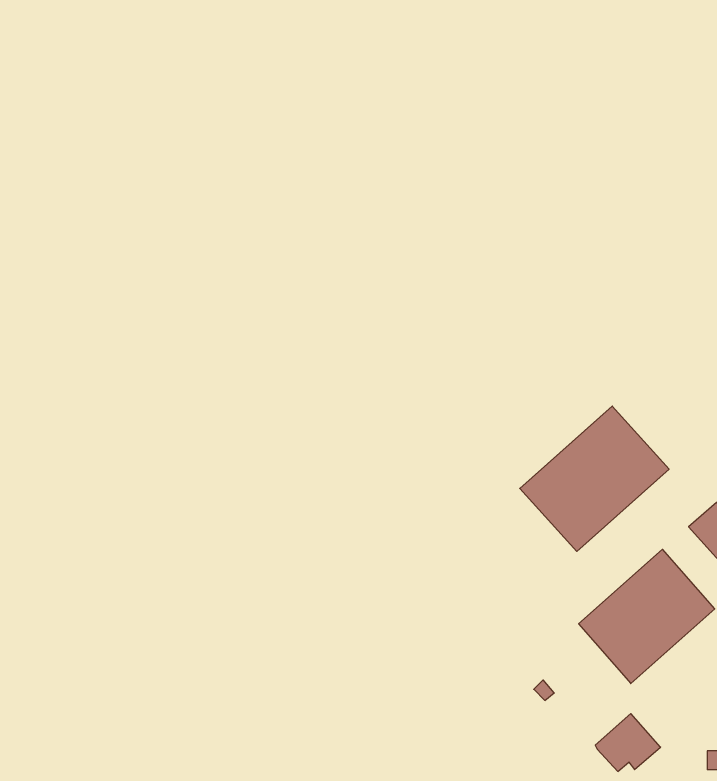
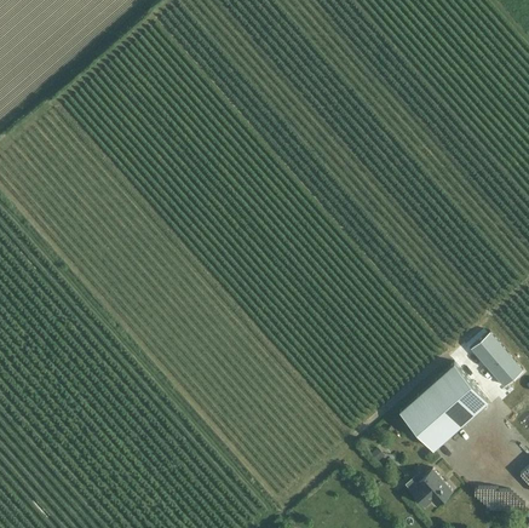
building: [520,406,669,551] -> none

